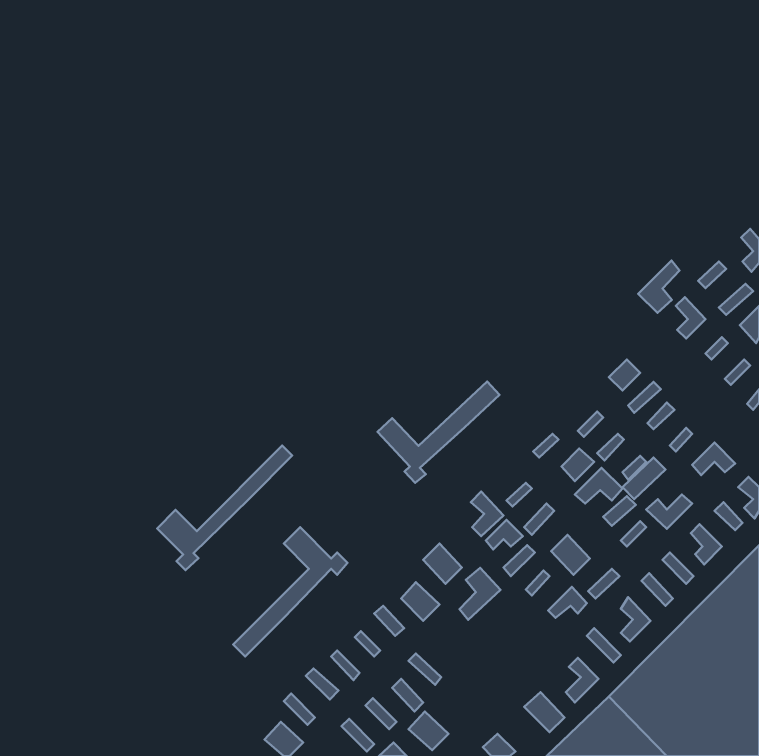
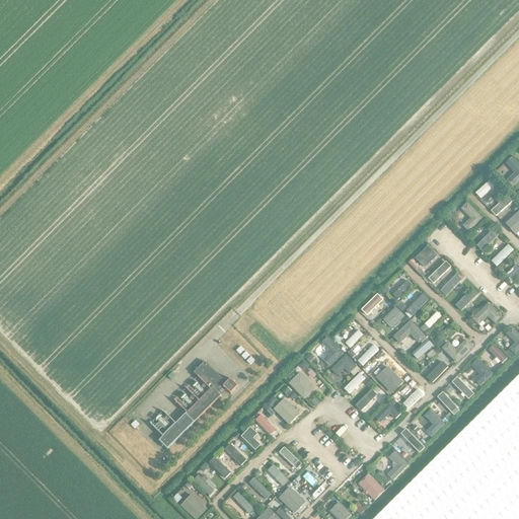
building: [638,261,679,313] -> none
building: [377,382,499,483] -> none
building: [157,446,292,570] -> none
building: [460,568,500,620] -> none

